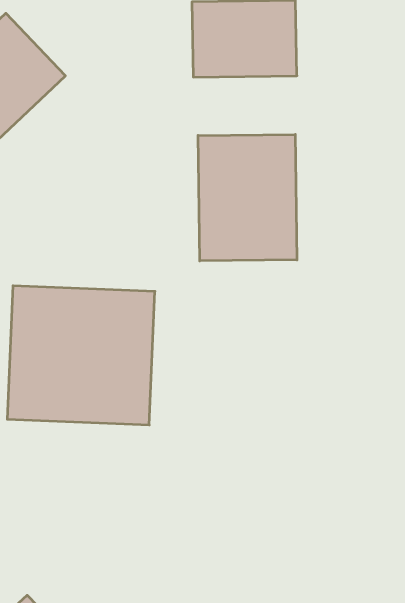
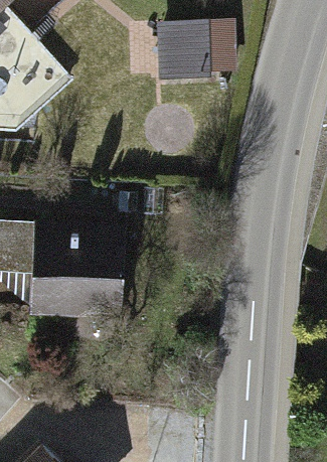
building: [198,134,297,261] -> none

